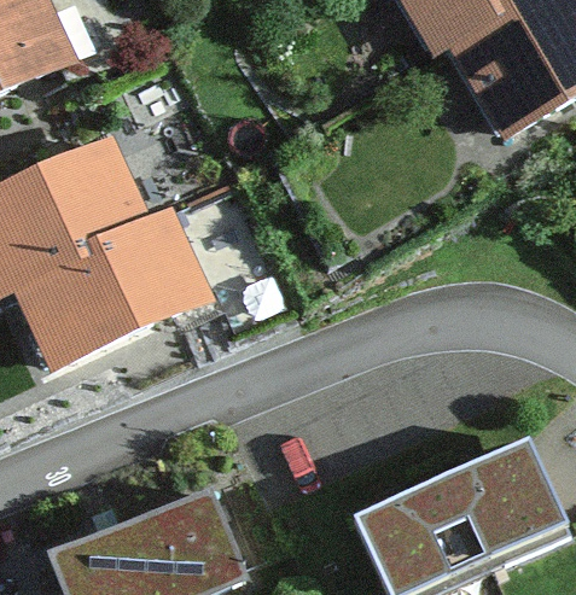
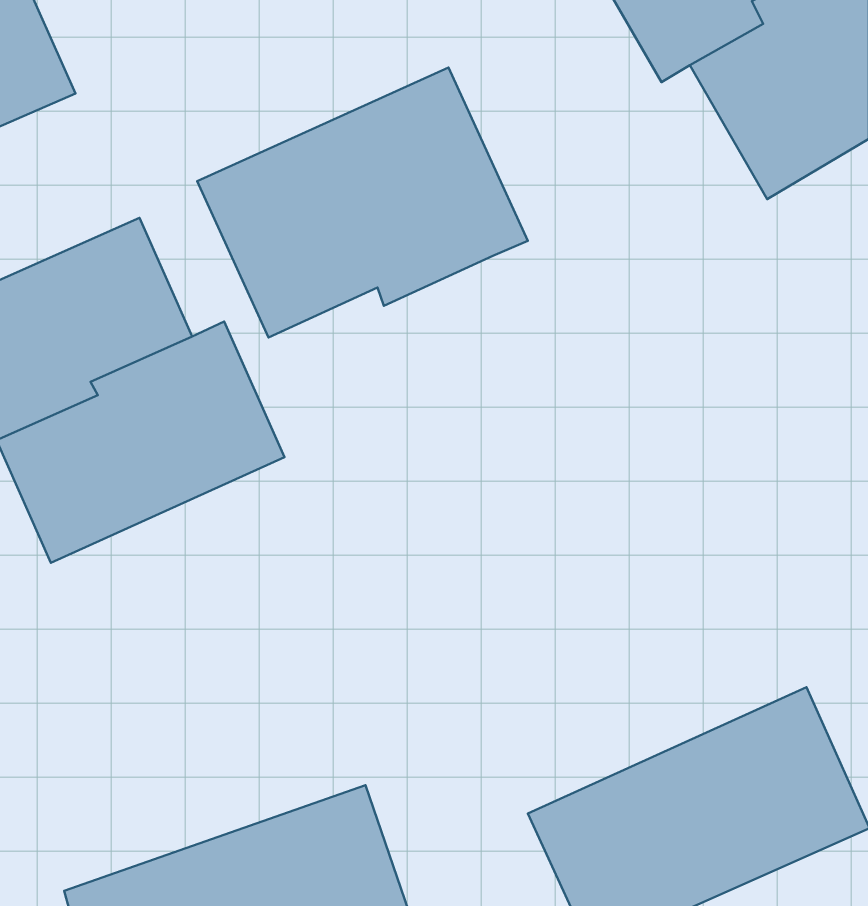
building: none -> [197,68,528,338]

